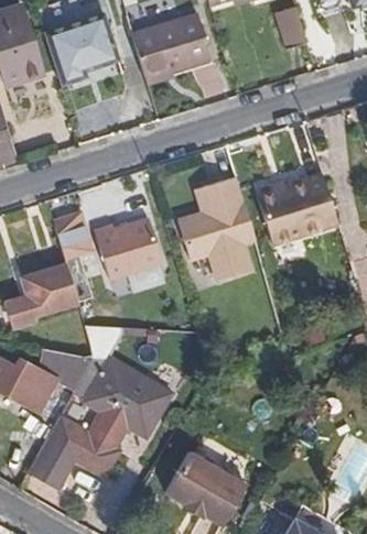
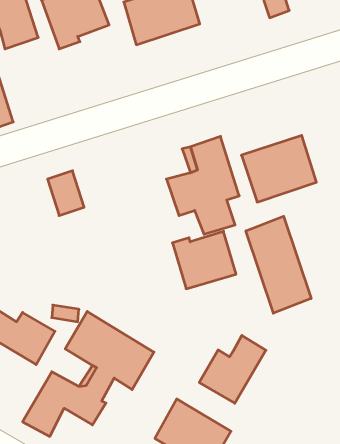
building: [95,216,162,276] -> [172,231,236,289]
building: none -> [246,216,311,313]
building: [9,270,80,326] -> none
building: none -> [199,335,266,403]

